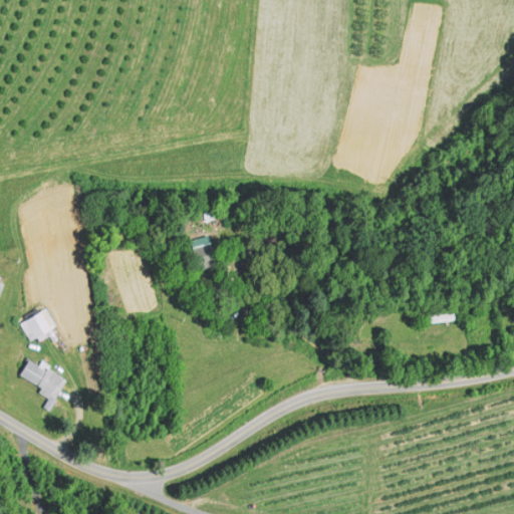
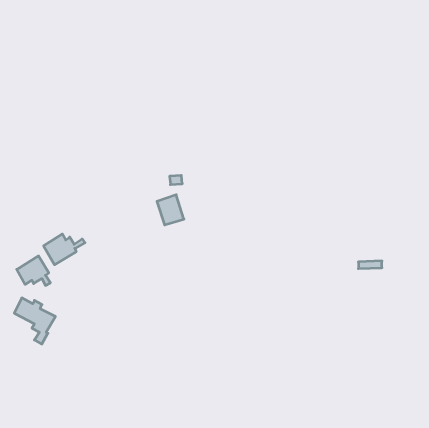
building: none -> [44,234,85,265]

